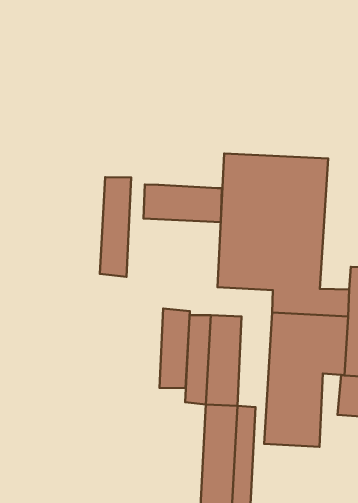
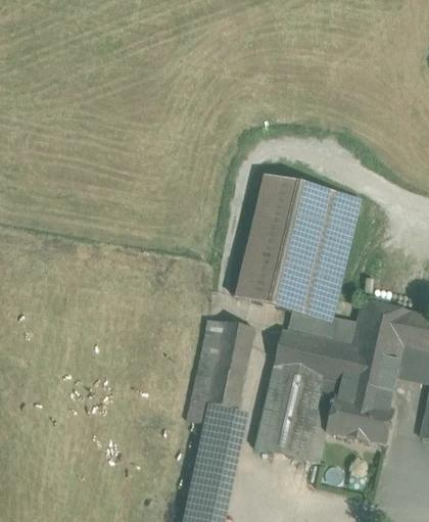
building: [100,177,131,277] -> none
building: [144,185,222,222] -> none
building: [160,309,190,388] -> none

